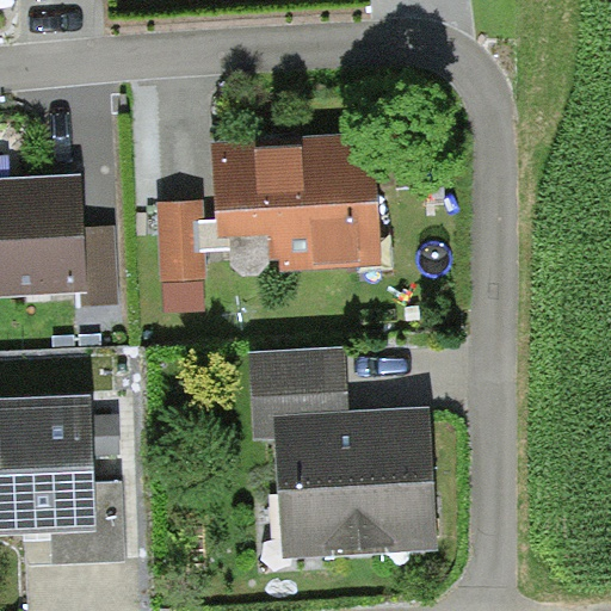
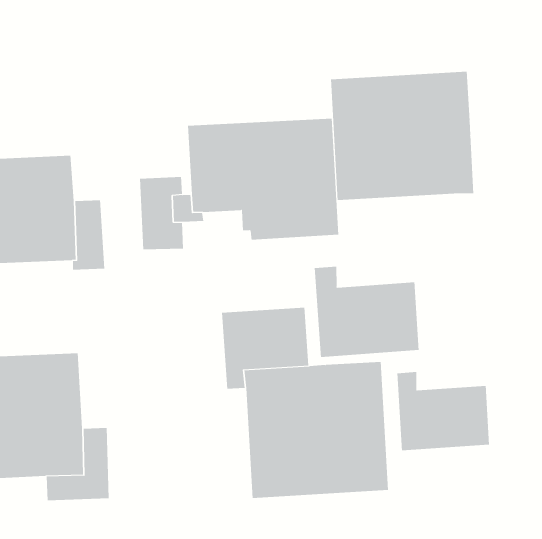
building: none -> [331,71,474,201]
building: none -> [314,266,419,358]
building: none -> [397,371,490,451]

